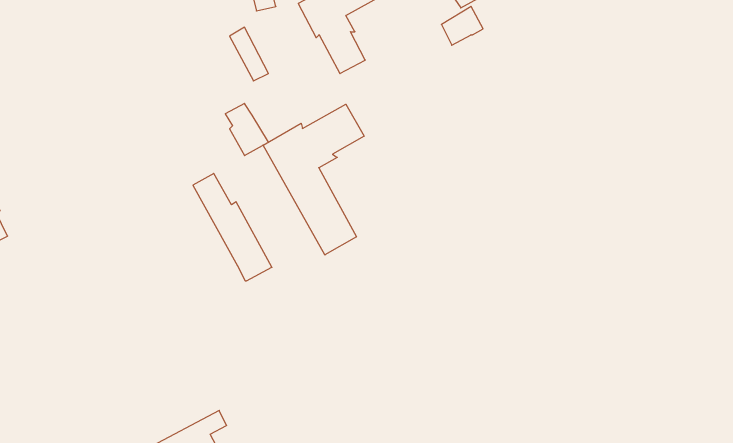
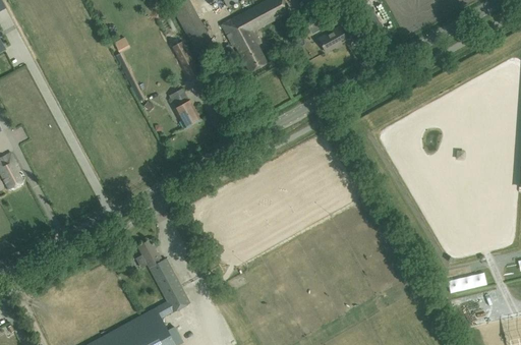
building: [263,104,364,255] -> none
building: [193,173,272,281] -> [136,239,190,312]

